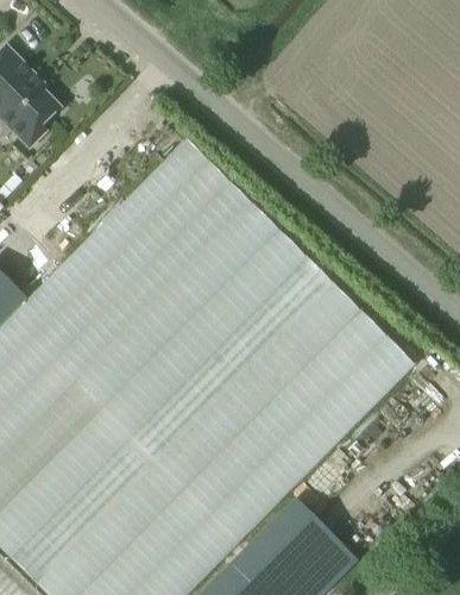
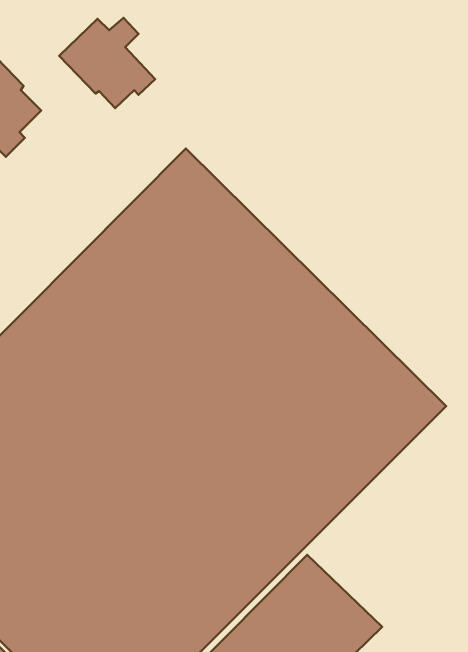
building: none -> [59,18,155,108]

